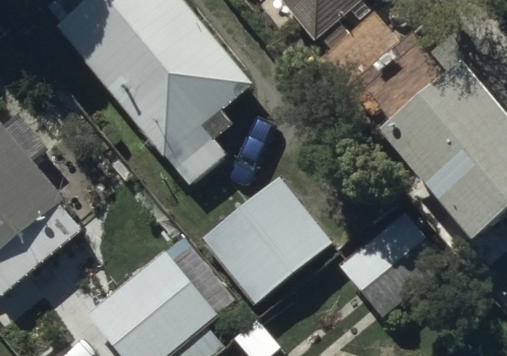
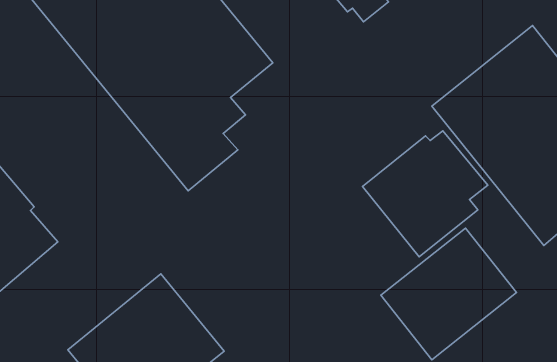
building: none -> [362,131,488,257]
building: [199,174,333,305] -> none

